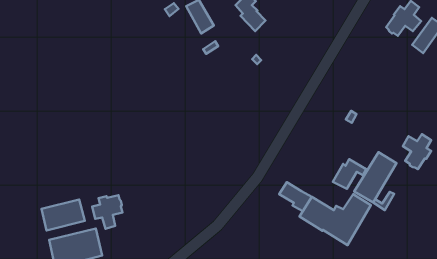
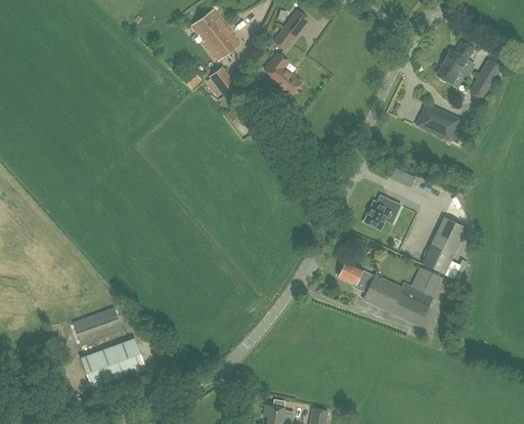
building: none -> [416,102,460,140]
building: [403,134,431,169] -> none
building: [333,159,366,189] -> [361,193,397,226]
building: [92,195,122,229] -> none

